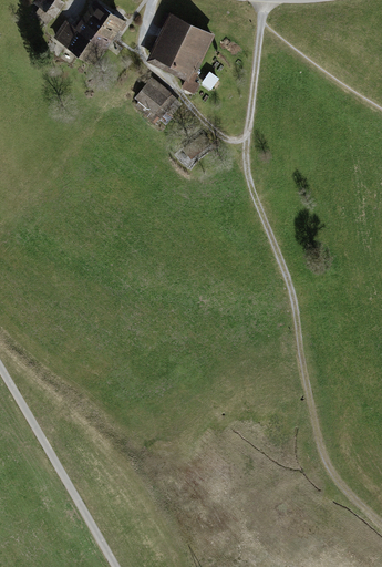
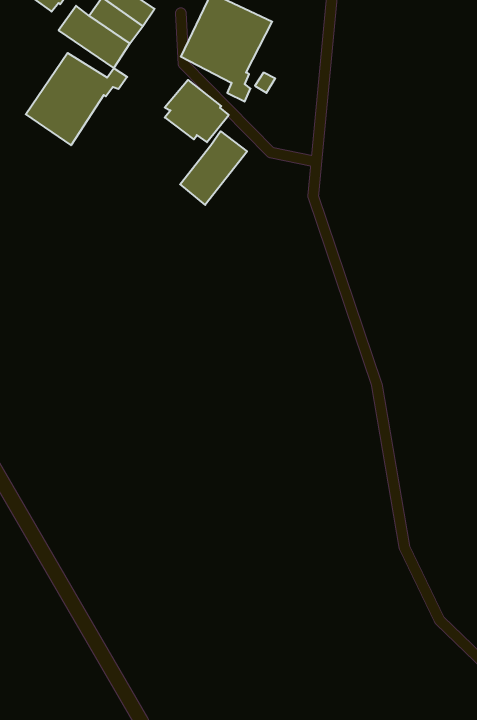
building: none -> [26,53,127,145]
building: none -> [180,131,247,205]

